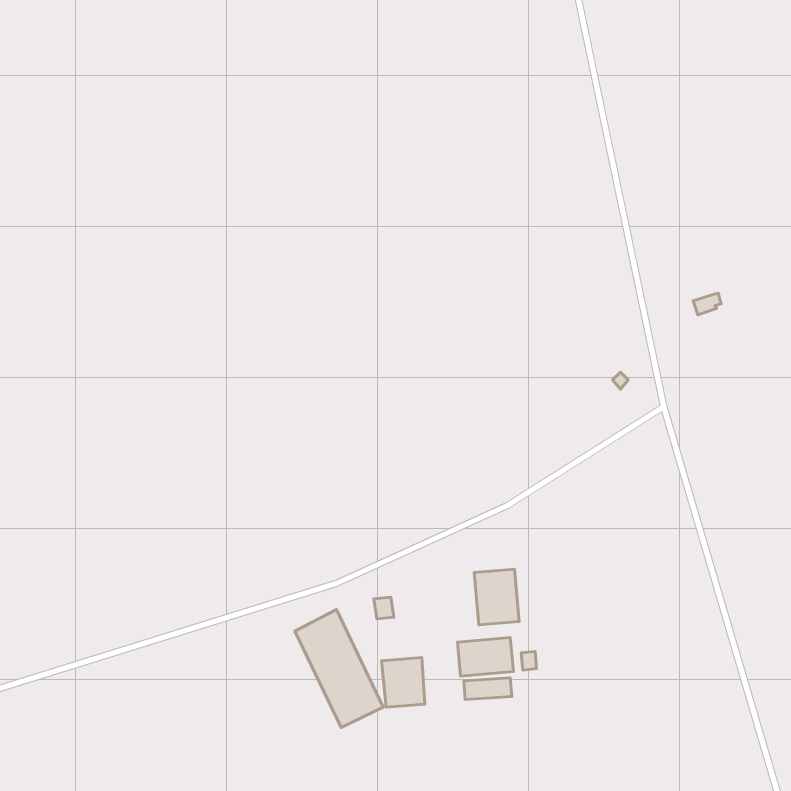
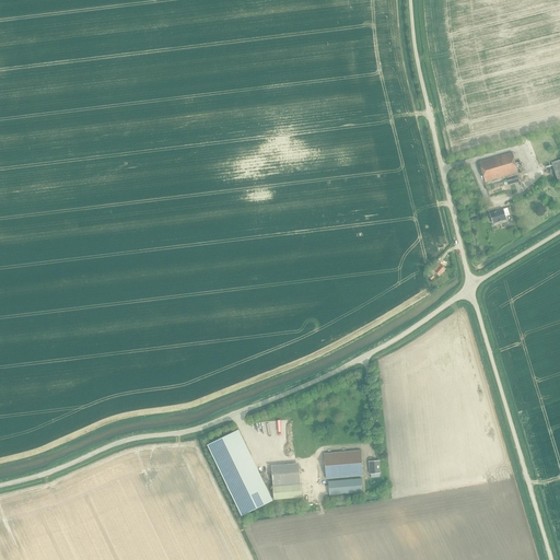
building: none -> [478,151,516,180]
building: [474,569,519,625] -> none

